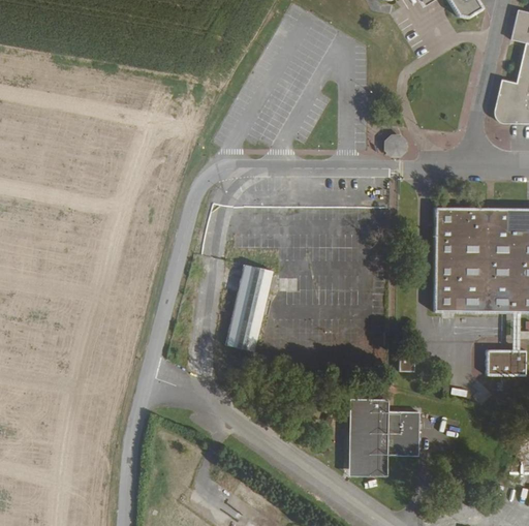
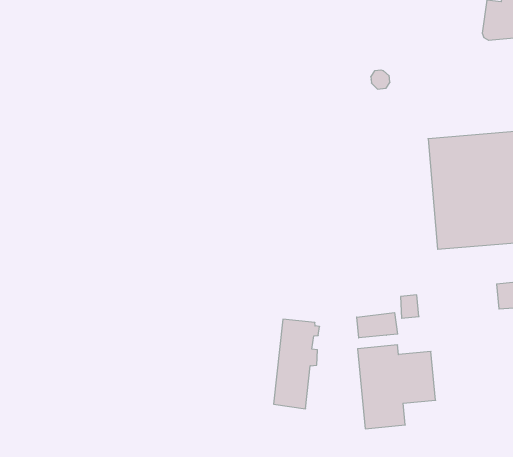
building: [225,266,276,352] -> [274,319,320,409]
building: none -> [357,313,398,338]

